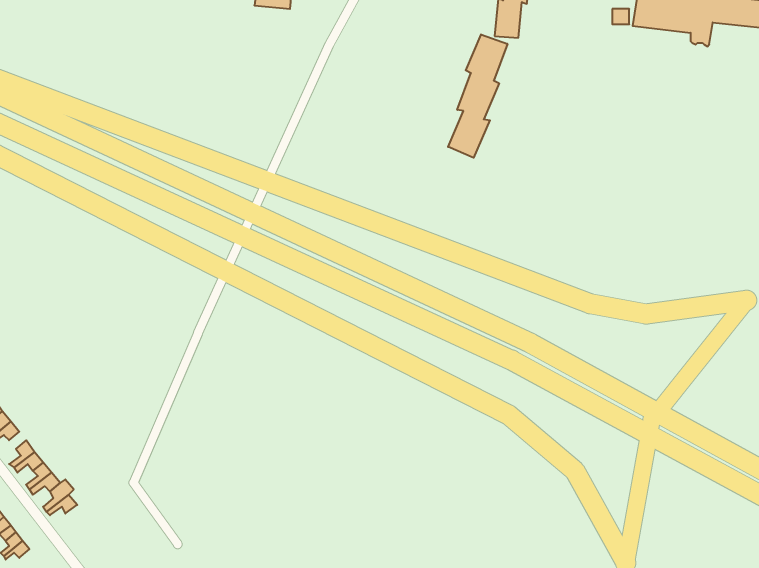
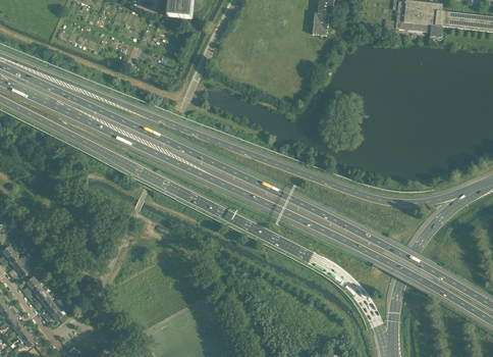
building: [448,34,507,158] -> none

